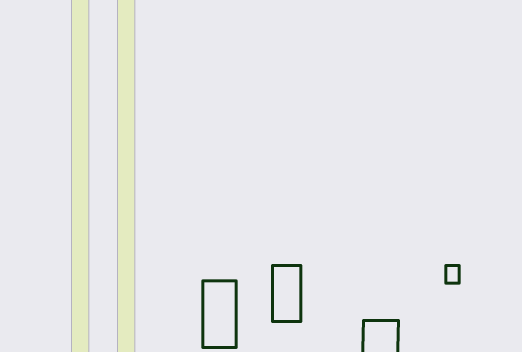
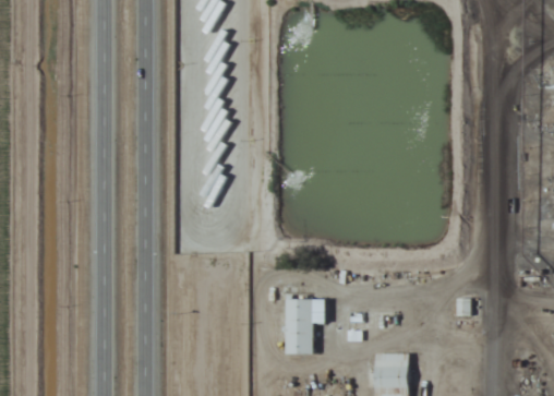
building: [203,281,236,347] -> none

